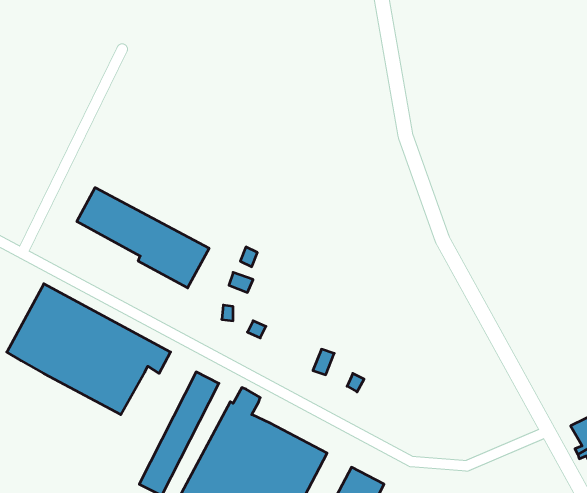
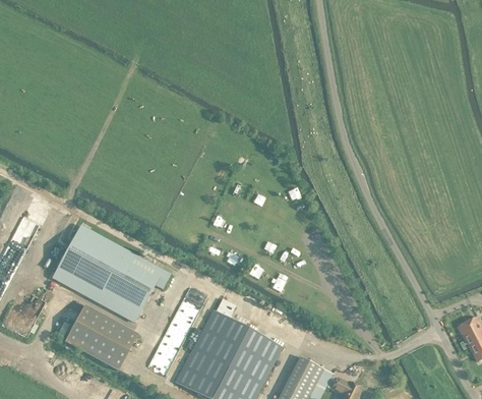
building: [77,188,209,288] -> none
building: none -> [65,305,137,370]

